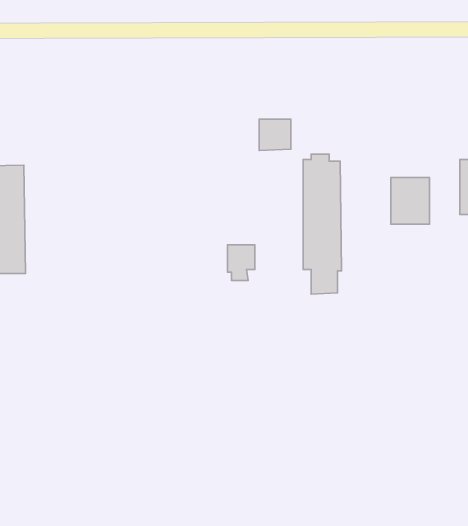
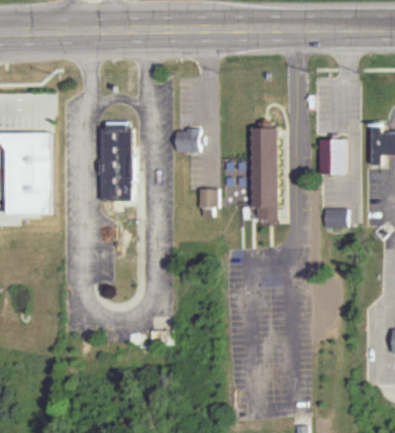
building: [259,119,291,151] -> [175,129,198,152]
building: none -> [96,120,133,200]
building: none -> [322,209,344,227]

